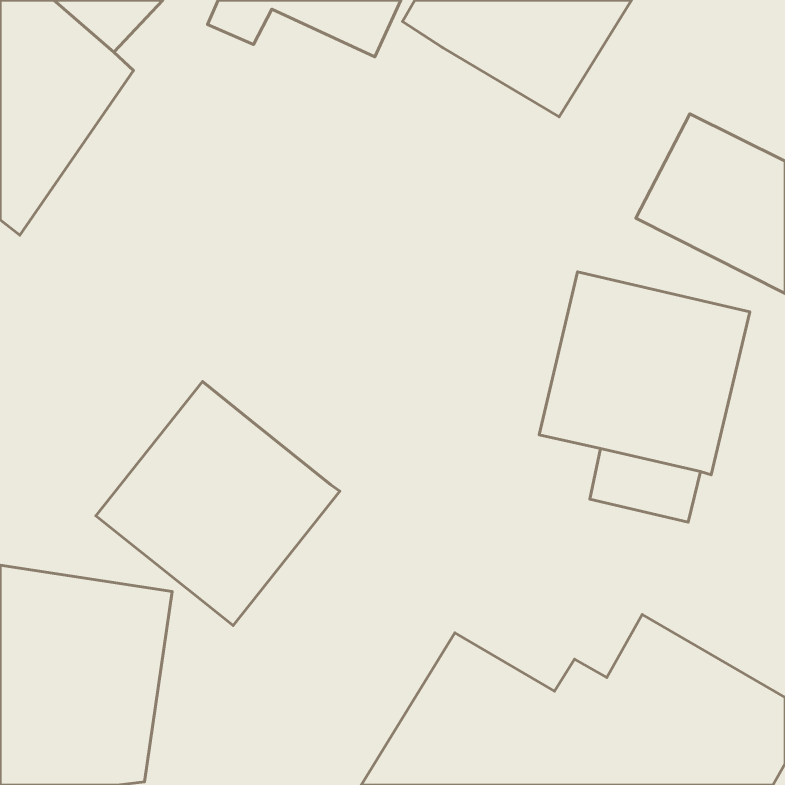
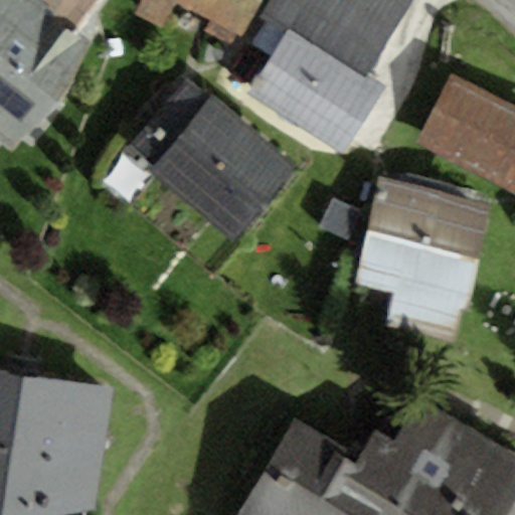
building: none -> [250,31,385,154]
building: none -> [130,82,299,243]
building: [96,381,340,626] -> none

